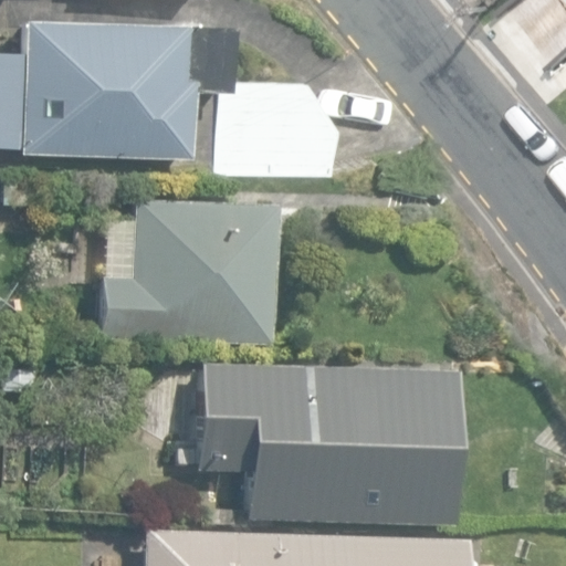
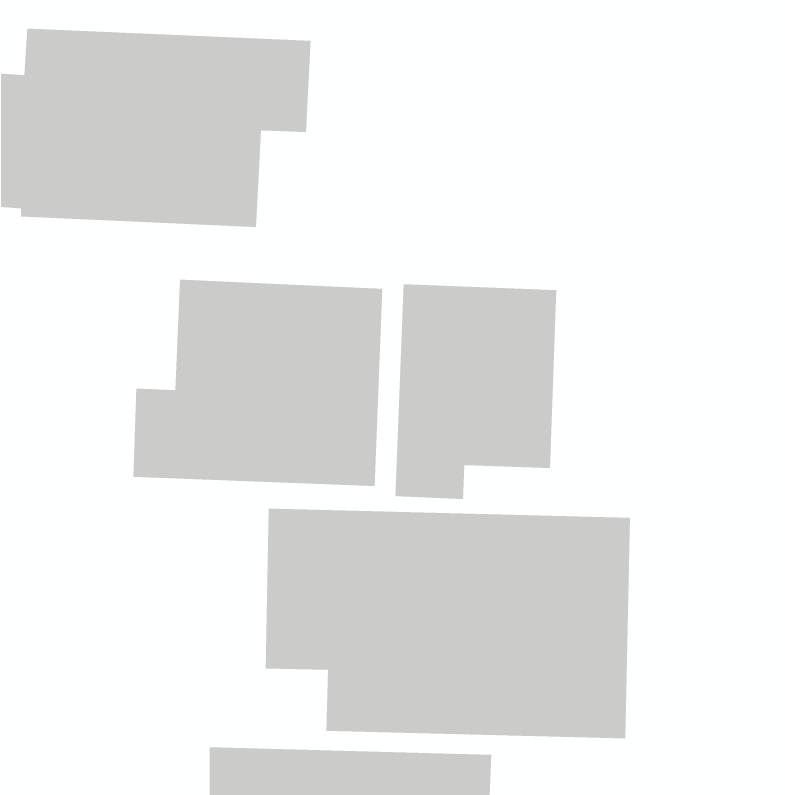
building: [227,83,338,177] -> none
building: none -> [395,284,557,500]

